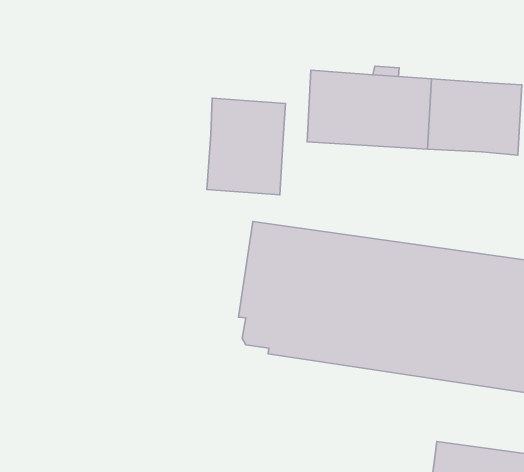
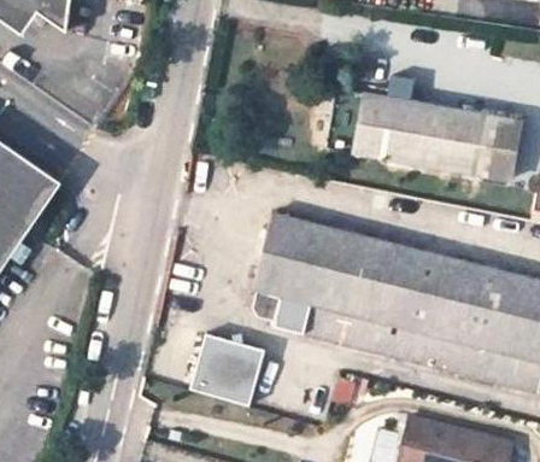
building: [207,98,285,195] -> none
building: none -> [190,329,274,407]

